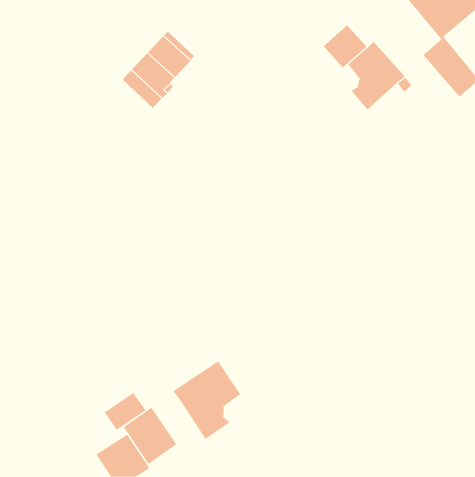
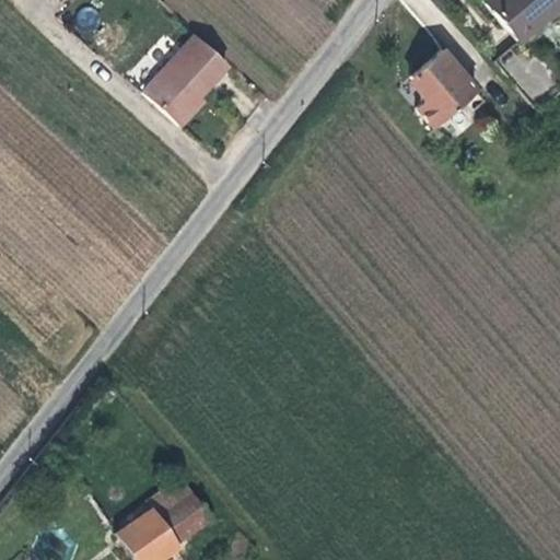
building: [323,25,368,68] -> none
building: [172,360,241,440] -> none
building: [104,392,146,430] -> none

